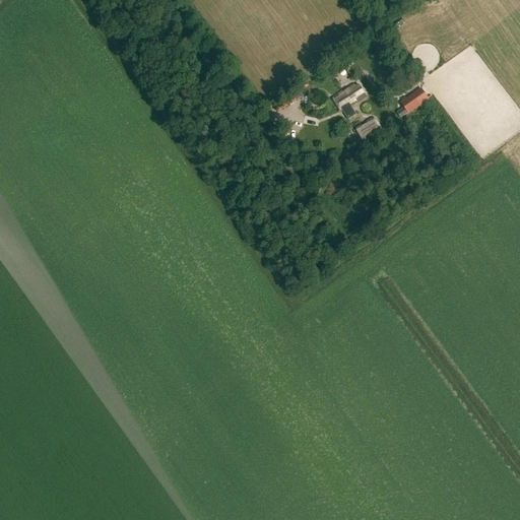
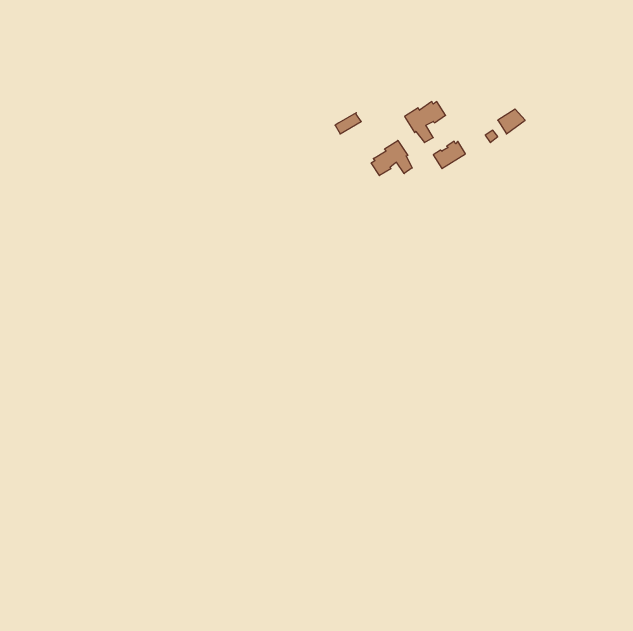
building: none -> [371,140,412,176]

